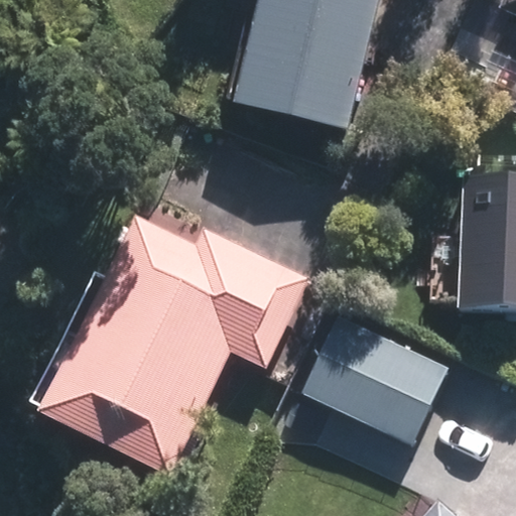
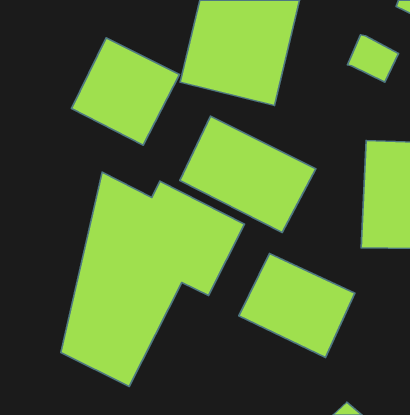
building: none -> [72,38,180,145]
building: none -> [180,116,316,233]

